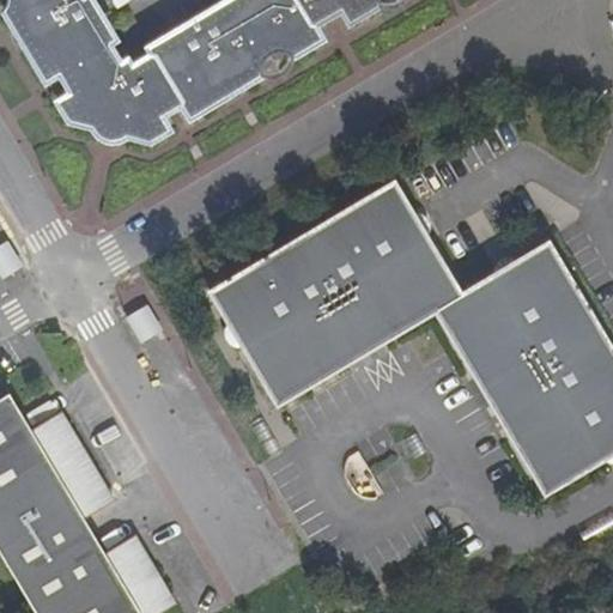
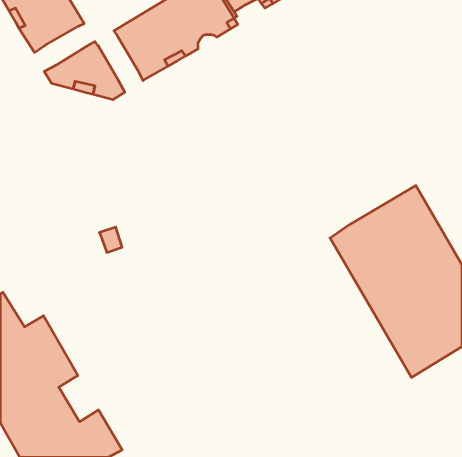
building: [60,35,119,86] -> none
building: [131,48,182,107] -> none
building: [211,184,463,409] -> none

